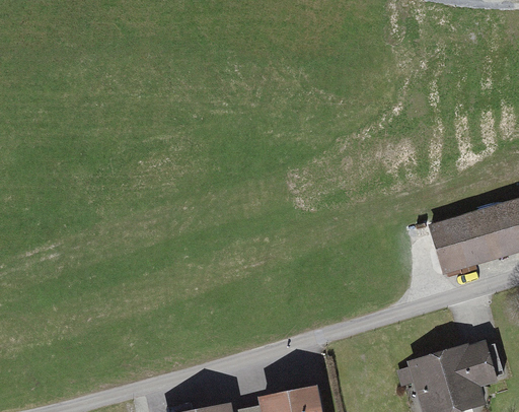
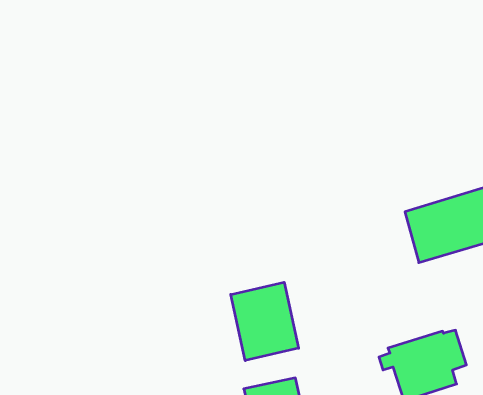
building: none -> [231,282,299,361]

